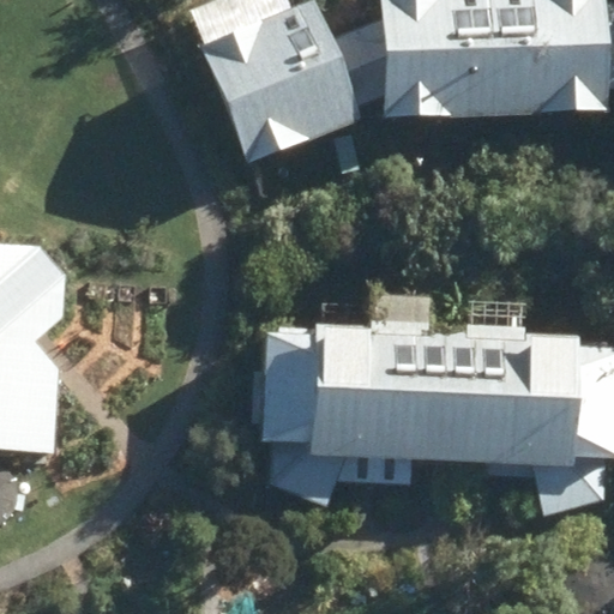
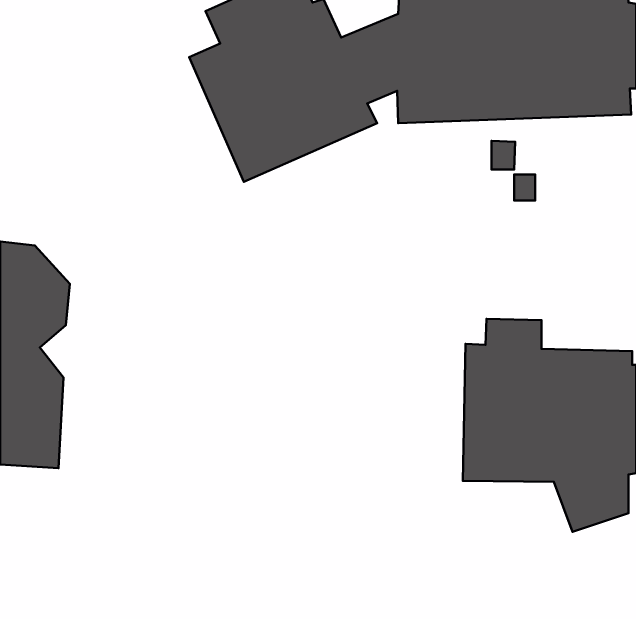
building: [263,303,449,500] -> none

